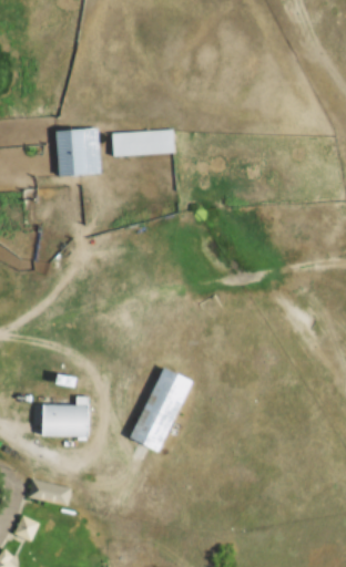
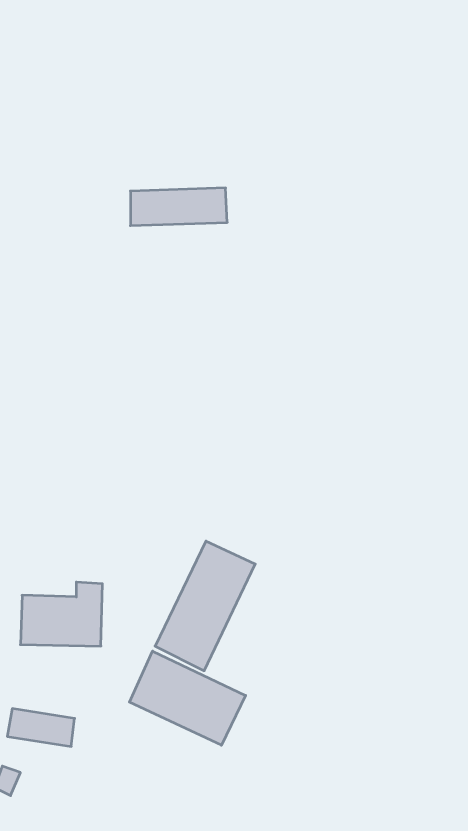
building: [54,128,100,176] -> none
building: none -> [129,651,246,745]

